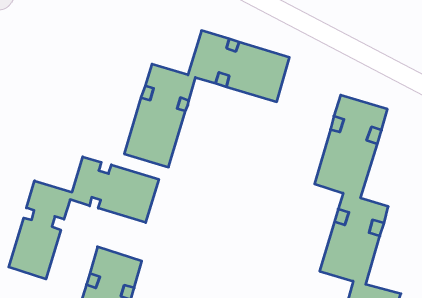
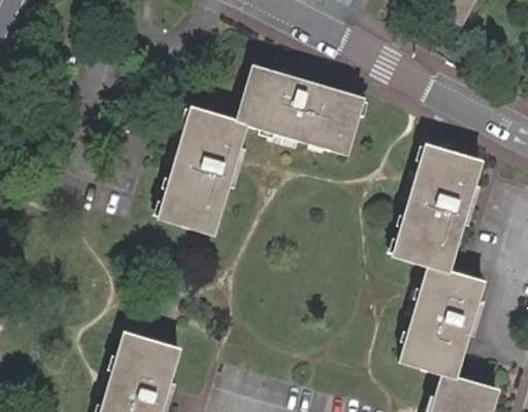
building: [9,157,159,279] -> none

